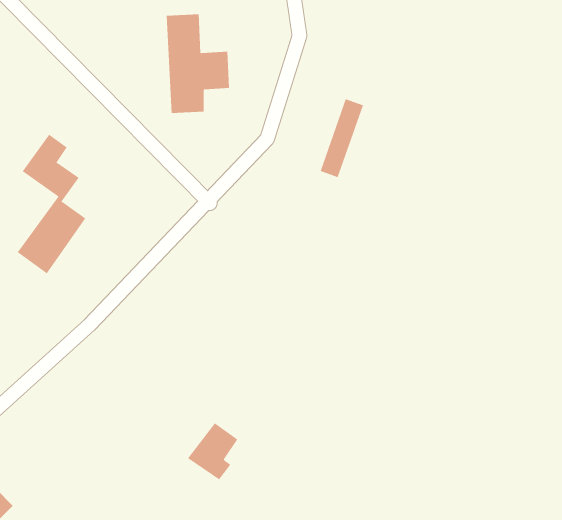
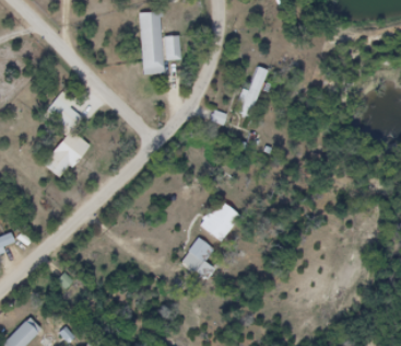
building: none -> [199,200,240,241]
building: [187,423,238,480] -> [181,238,214,275]

